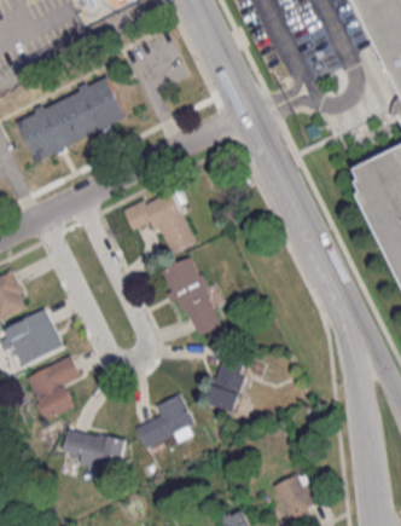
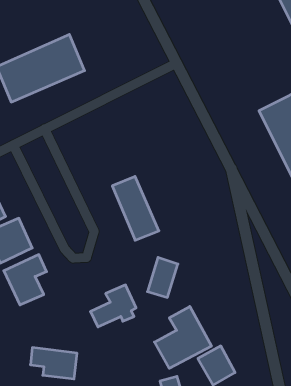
building: [123,191,194,254] -> none
building: none -> [154,306,211,368]
building: [64,430,123,470] -> [30,348,77,379]

